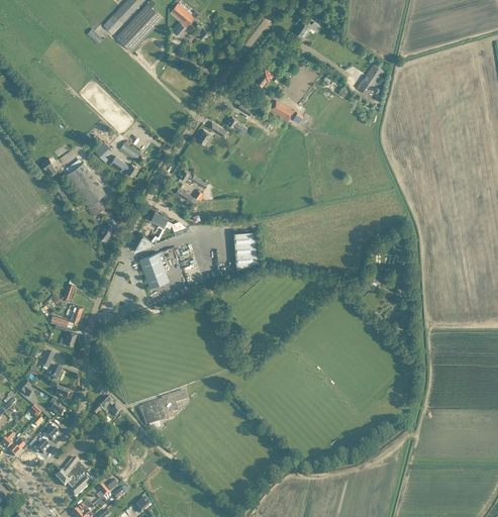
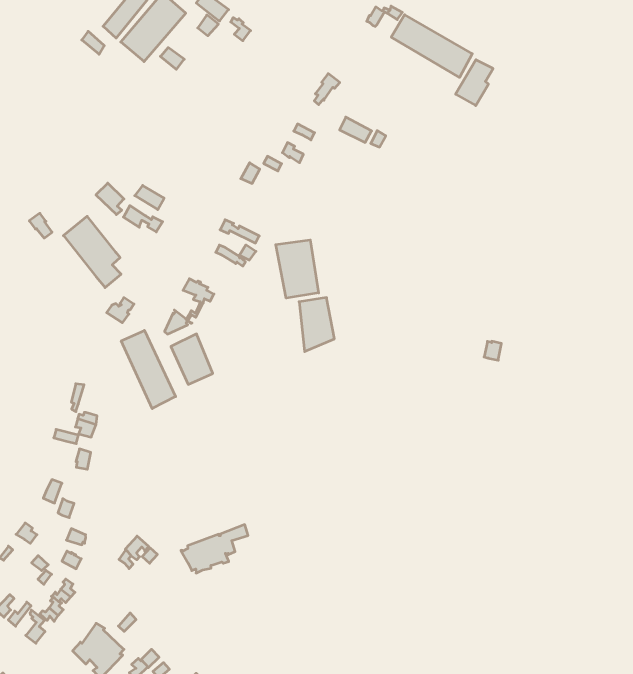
building: none -> [391,15,472,77]
building: none -> [276,240,319,298]
building: none -> [121,330,176,409]

